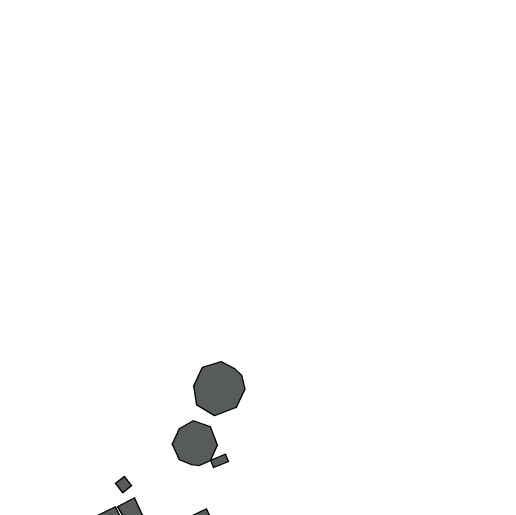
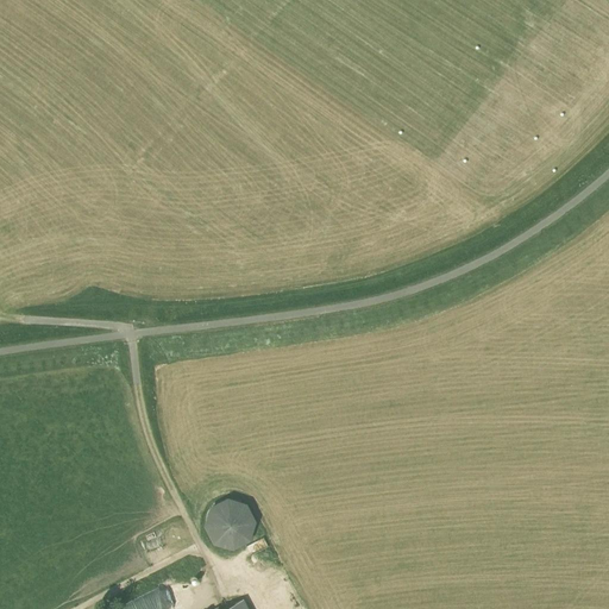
building: [194,362,245,416] -> none

